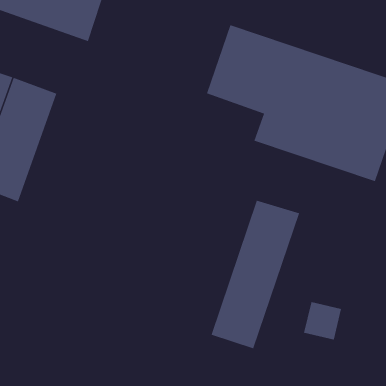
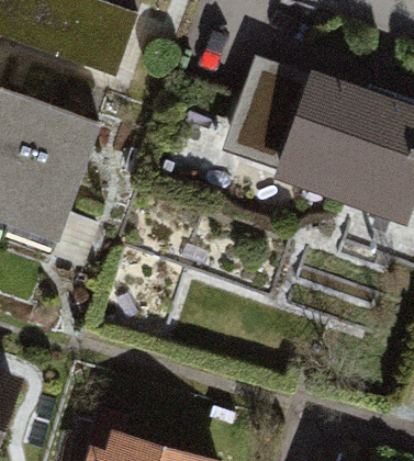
building: [211,200,300,349] -> none

